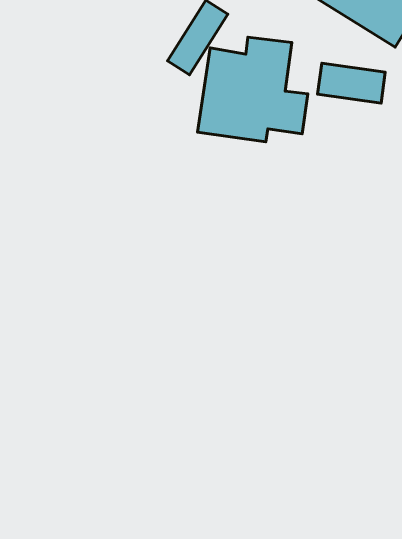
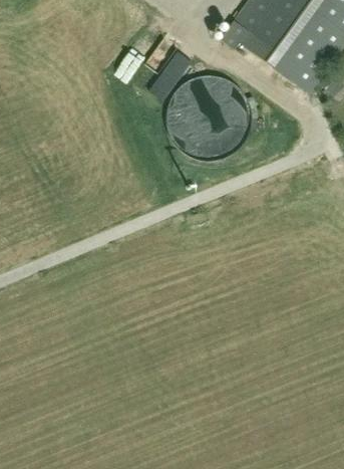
building: [318,63,385,103] -> none

